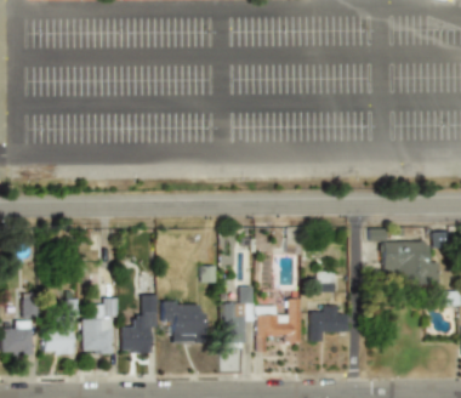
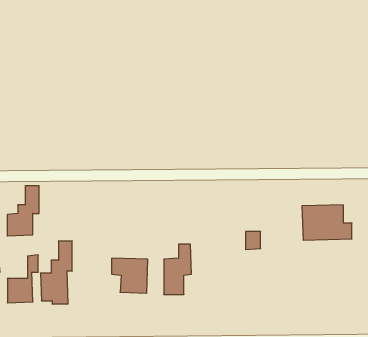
building: [121,295,158,352] -> [7,186,39,236]
building: [256,298,300,352] -> none
building: [309,305,347,341] -> none

